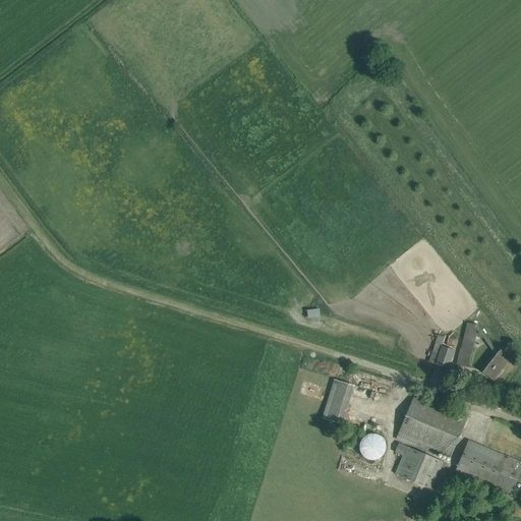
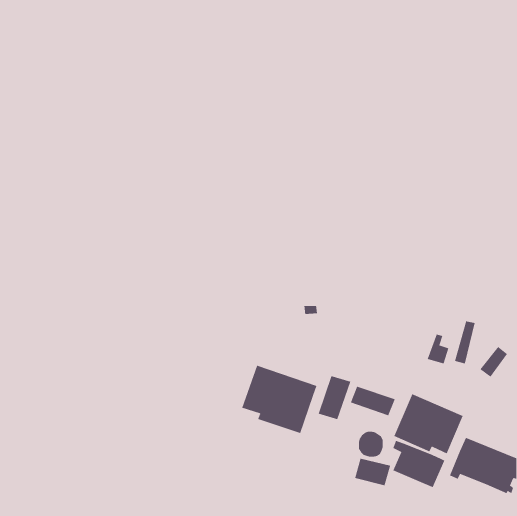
building: none -> [241,365,317,434]
building: none -> [350,386,395,416]
building: none -> [354,458,391,486]

